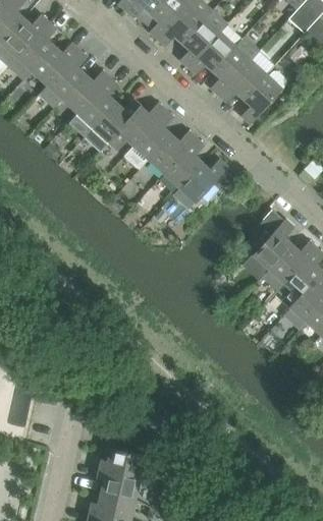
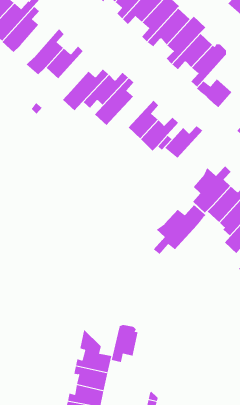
building: [32,44,78,85] -> none
building: [67,78,116,138] -> none
building: none -> [196,78,232,108]
building: [148,132,196,173] -> [164,126,203,158]
building: none -> [153,204,207,255]
building: none -> [111,324,138,363]

